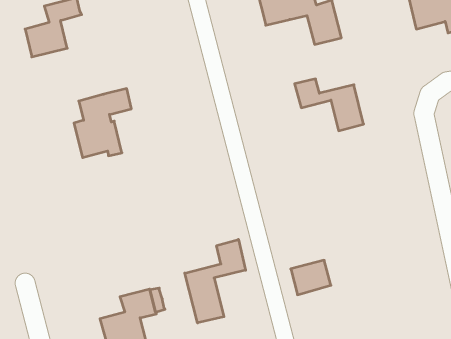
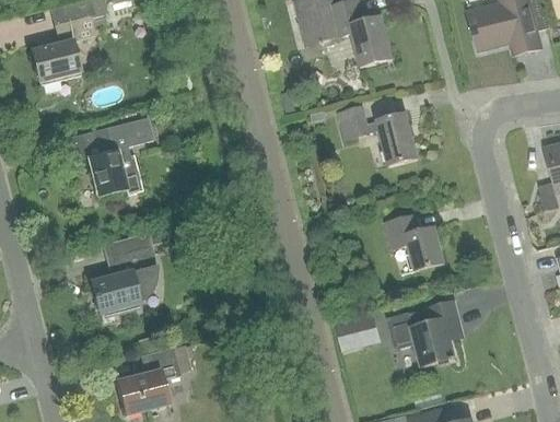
building: none -> [385,214,444,271]
building: none -> [90,233,158,314]
building: [185,239,246,323] -> none
building: none -> [386,301,460,367]

